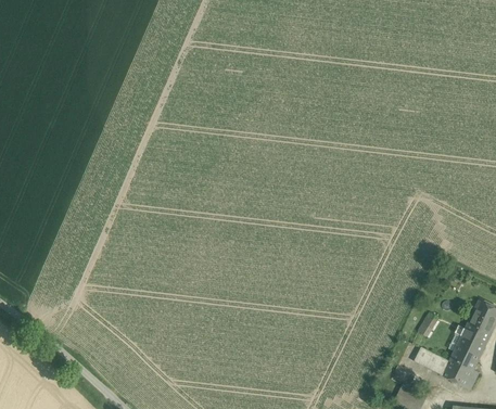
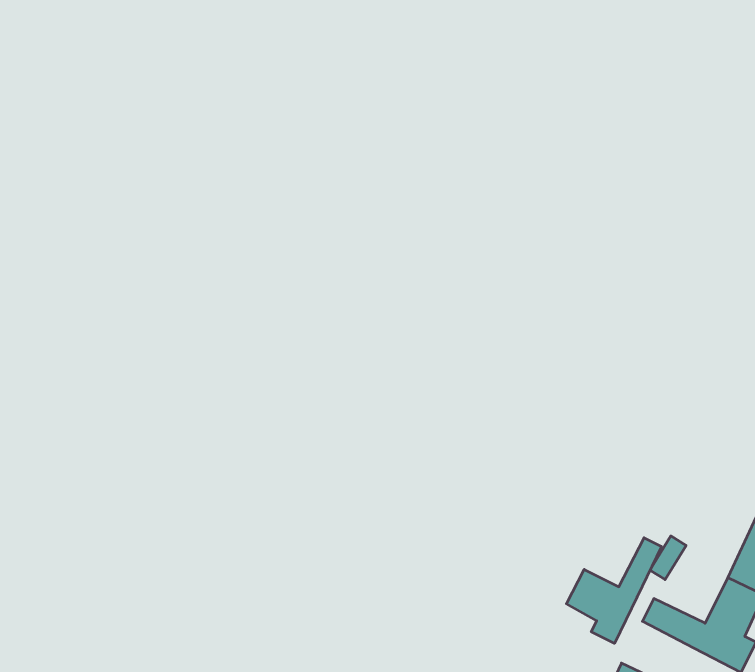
building: none -> [566,538,661,643]

